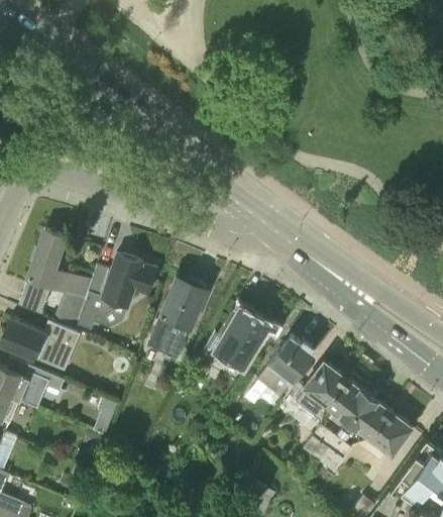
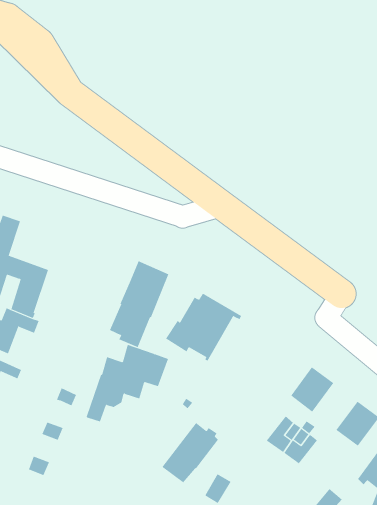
building: [77,255,157,331] -> [86,344,169,422]
building: [258,337,314,397] -> [162,422,219,483]
building: [297,361,346,422] -> none
building: [347,395,391,440] -> none

